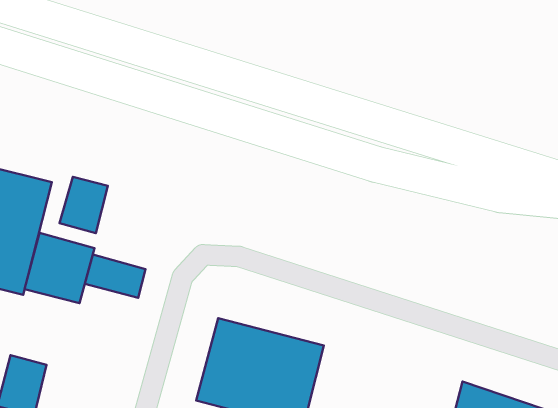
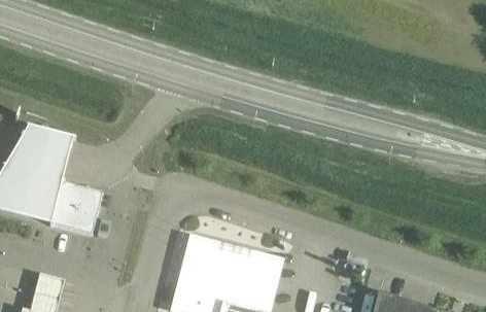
building: [60,177,108,233] -> none
building: [85,254,145,298] -> none

